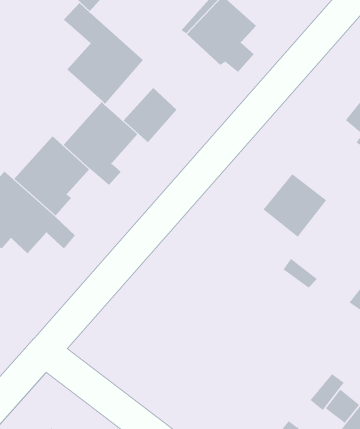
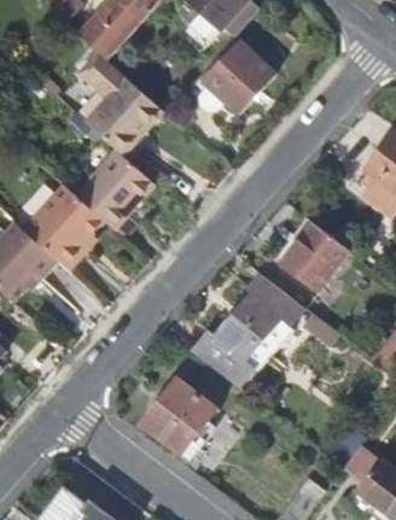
building: [123,87,178,143] -> none
building: none -> [197,271,303,390]
building: none -> [142,379,217,455]

